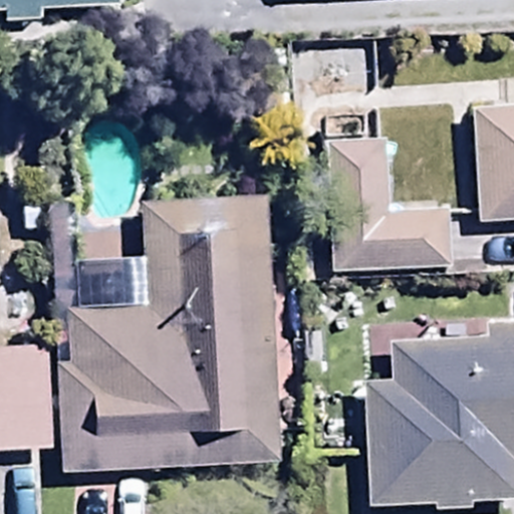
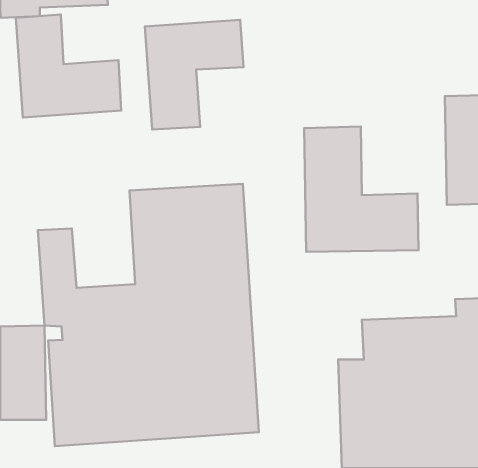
building: none -> [16,15,121,117]
building: none -> [145,20,243,129]

